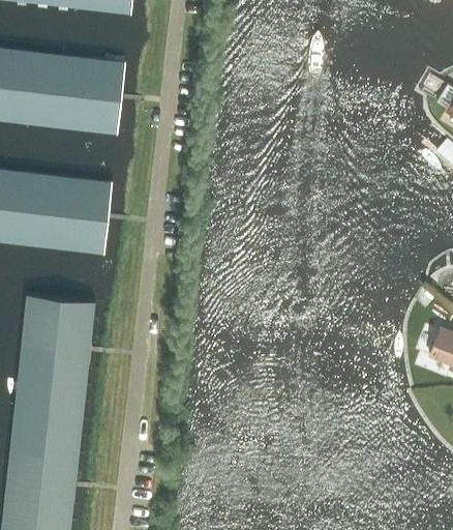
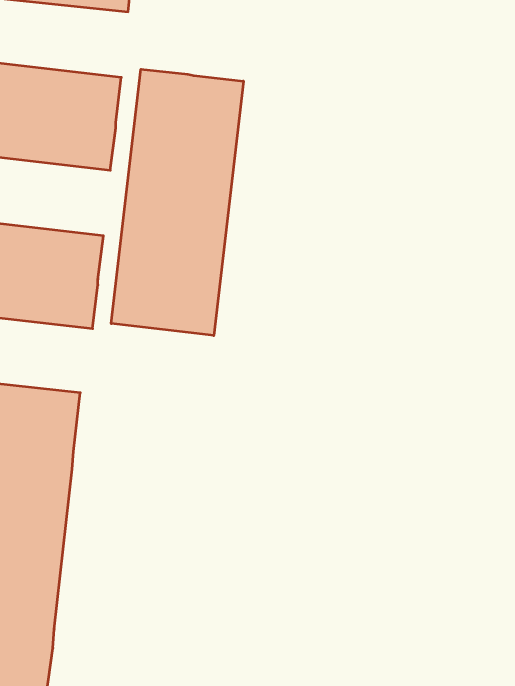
building: none -> [111,69,243,336]

